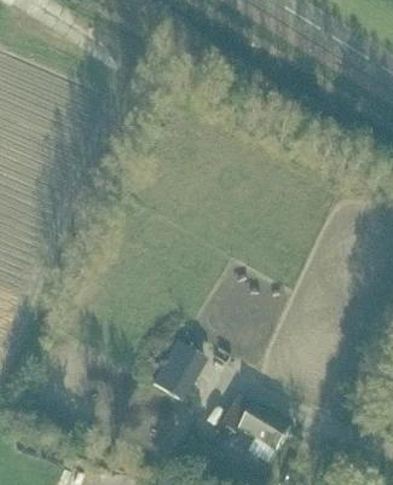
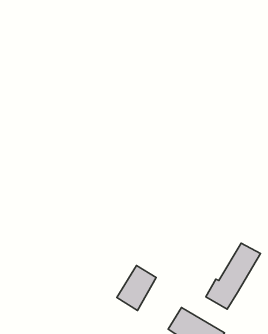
building: none -> [206,243,261,309]

